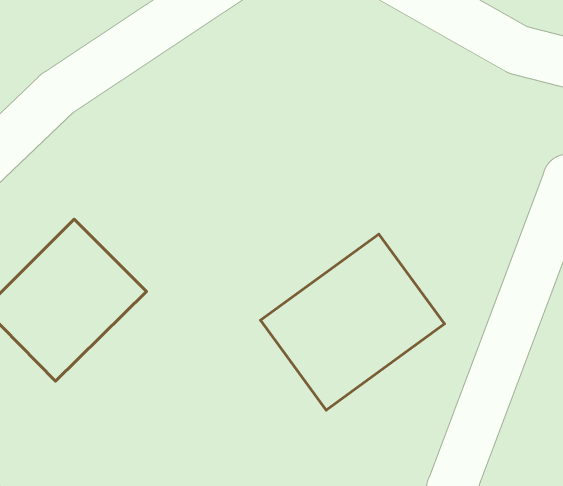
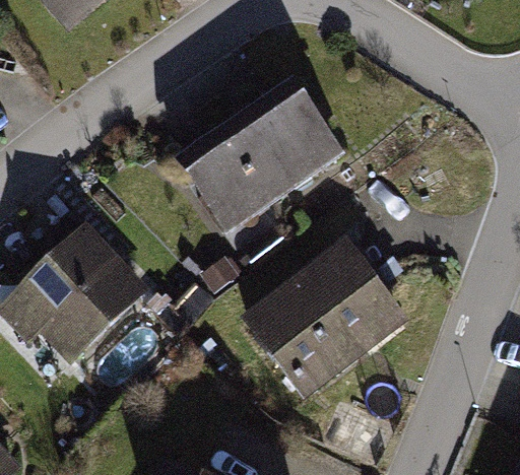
building: none -> [179,78,342,228]

